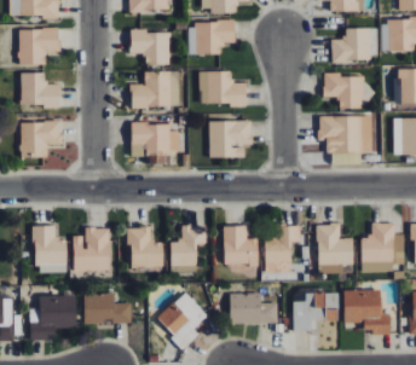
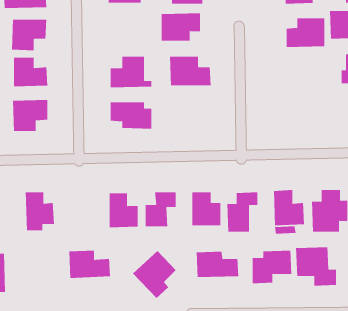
building: [129,30,169,65] -> none
building: [323,75,364,109] -> none
building: [318,116,372,152] -> none
building: [208,121,252,158] -> none
building: [73,228,110,271] -> none
building: [29,295,76,341] -> none

